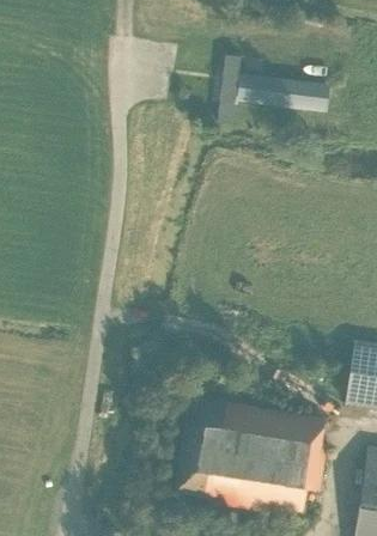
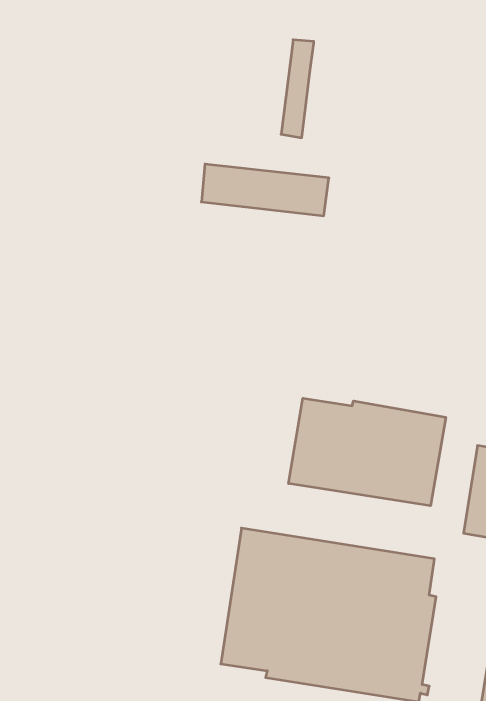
building: [241,75,329,111] -> [201,164,329,216]
building: none -> [289,398,446,506]

